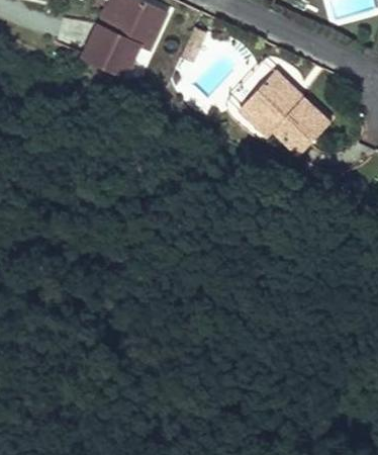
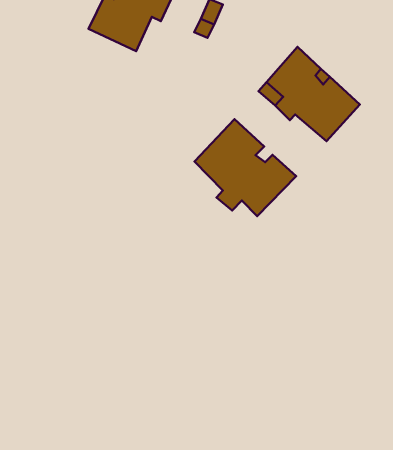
building: none -> [194,119,296,216]

